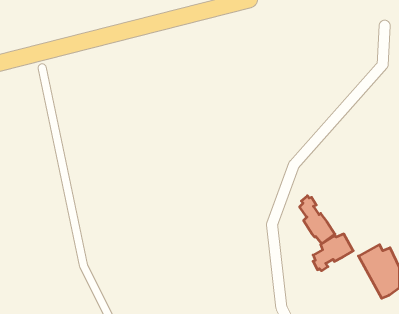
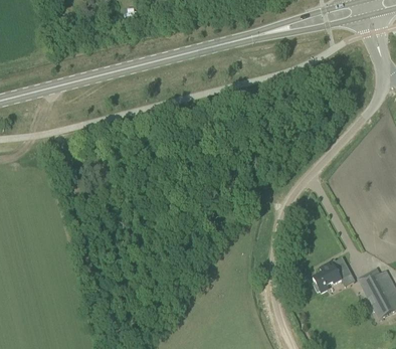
building: [300,196,335,244] -> none

